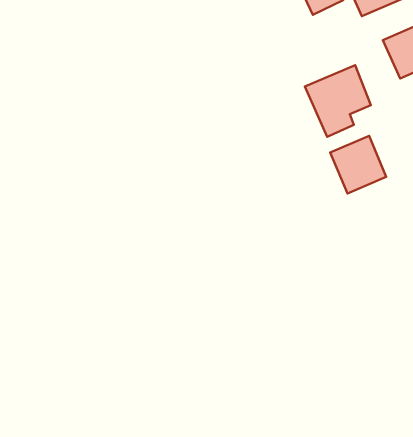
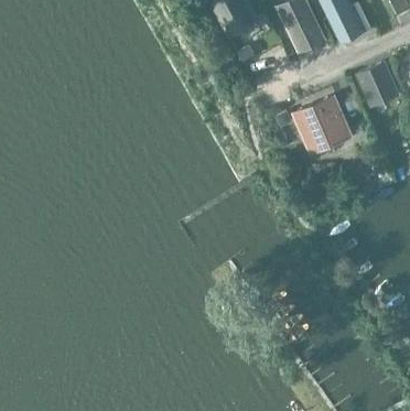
building: [330,136,386,194] -> none

